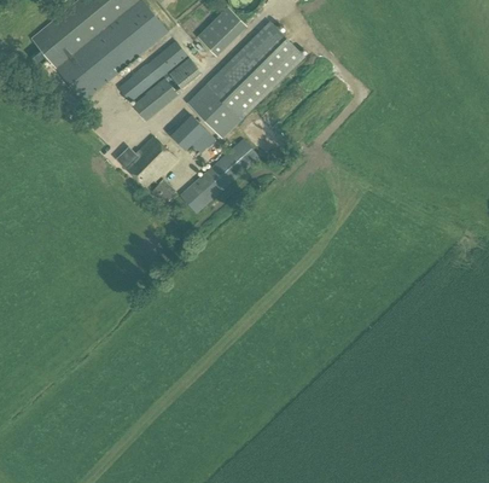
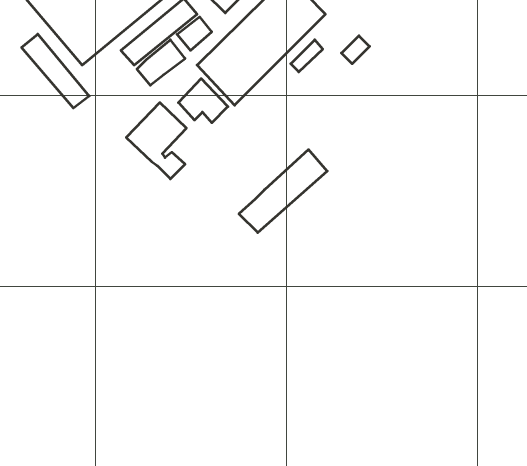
building: none -> [22,34,89,108]
building: [180,138,260,213] -> [239,150,327,233]

